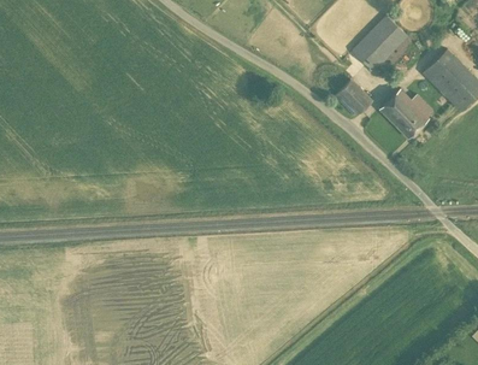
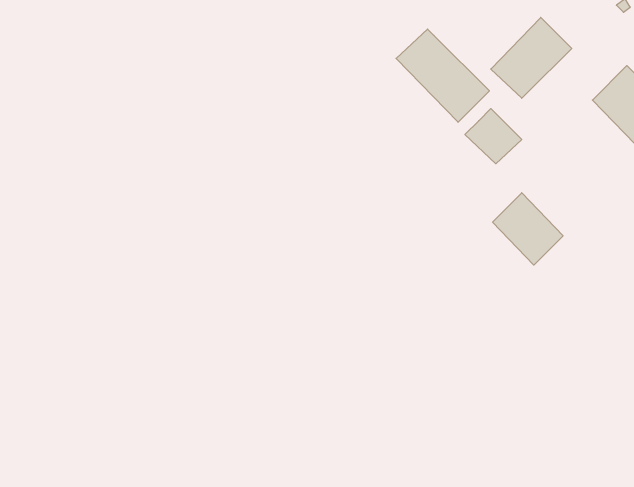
building: none -> [396,29,489,122]
building: [380,89,430,140] -> [493,193,563,265]

